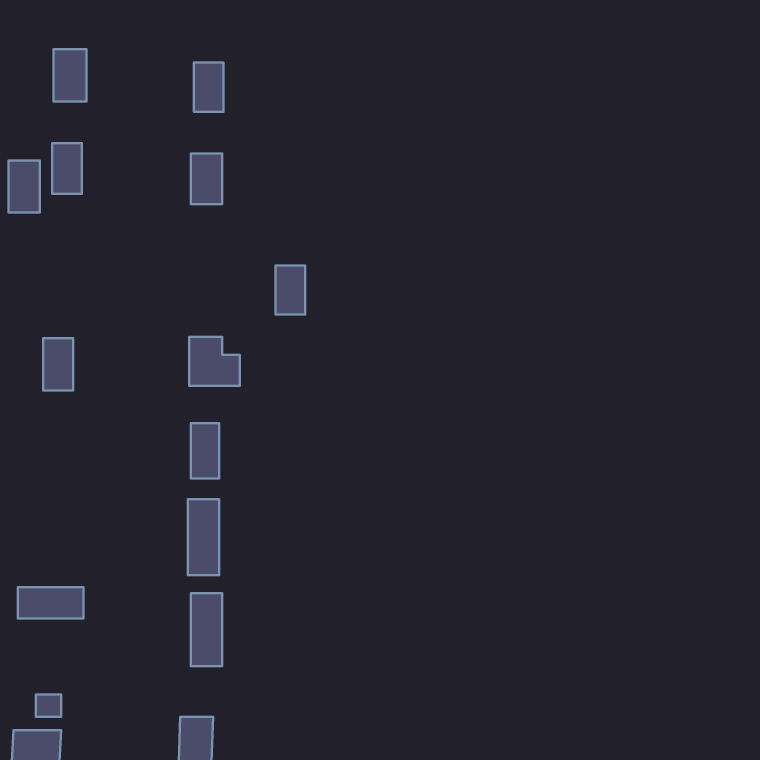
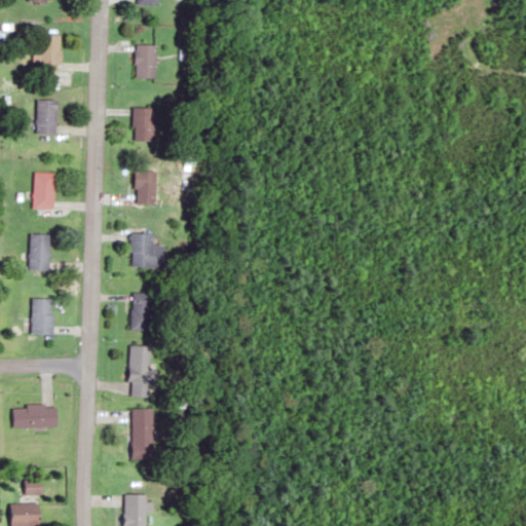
building: [8,160,40,213] -> [33,173,54,209]
building: [275,265,305,315] -> [137,171,157,204]
building: none -> [33,298,54,335]

